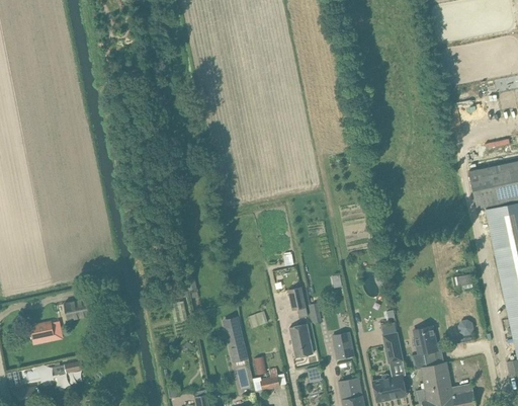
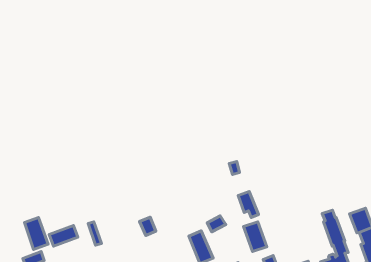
building: none -> [24,218,48,250]
building: [333,331,354,358] -> none

